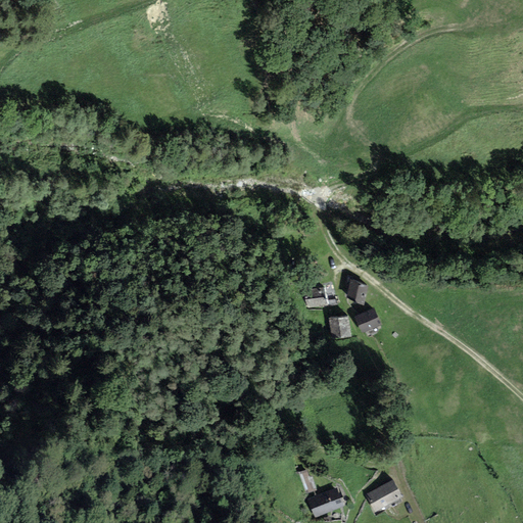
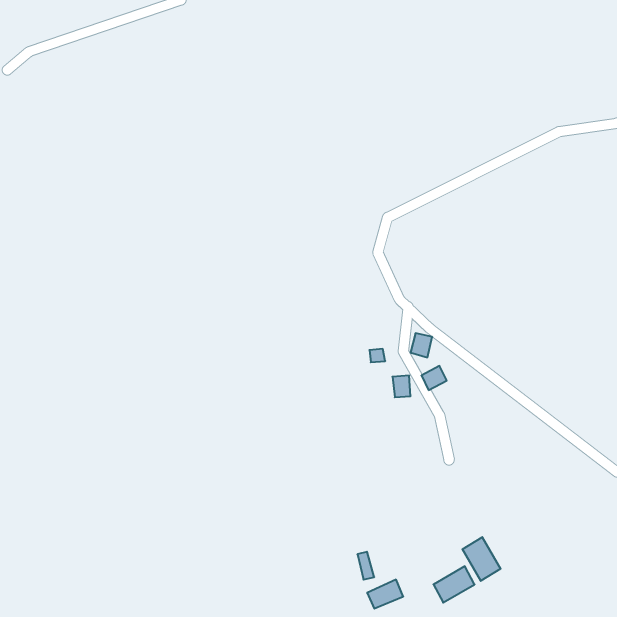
building: none -> [462,537,501,581]

